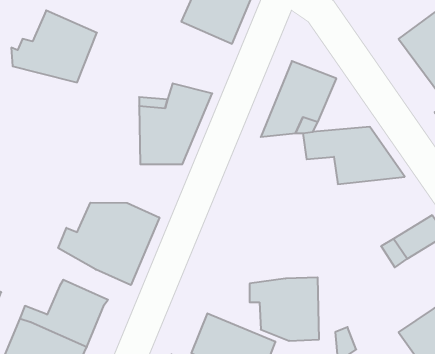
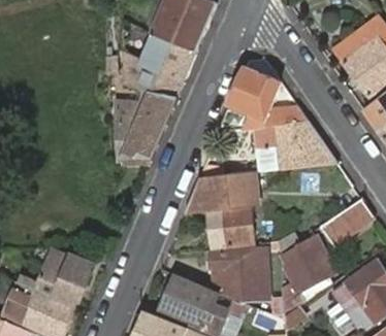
building: [11,10,97,82] -> [123,34,194,94]
building: none -> [185,172,257,248]
building: [58,203,159,285] -> none
building: none -> [281,237,335,292]

